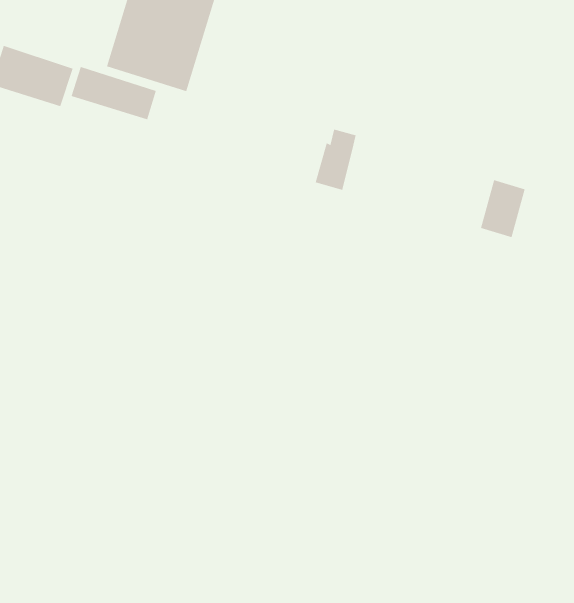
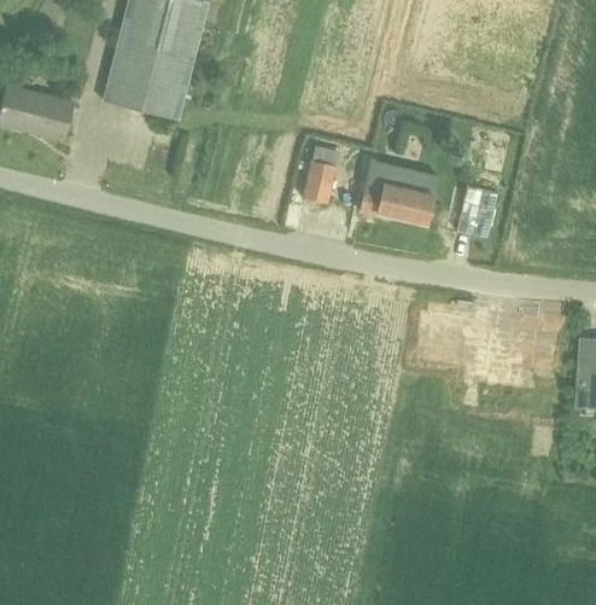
building: [71,66,157,120] -> none
building: none -> [360,162,438,223]

